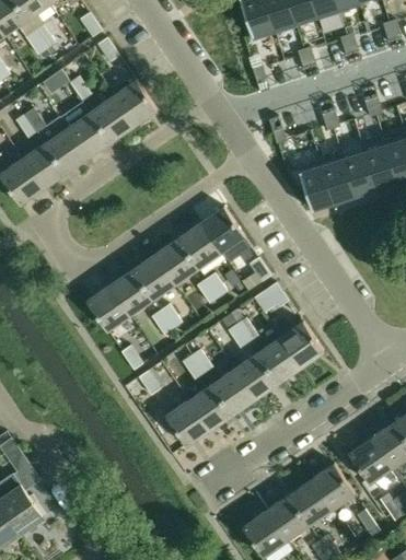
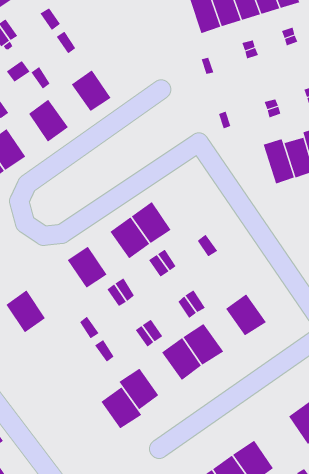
building: [89,95,134,141] -> none
building: [44,127,88,173] -> none
building: [286,160,334,210] -> none
building: [200,206,244,252] -> none
building: [131,254,175,300] -> none
building: [252,282,288,314] -> none
building: [85,284,129,331] -> [5,290,46,333]
building: [256,337,300,383] -> none
building: [187,384,232,430] -> [101,386,142,429]
building: [311,463,355,509] -> none

